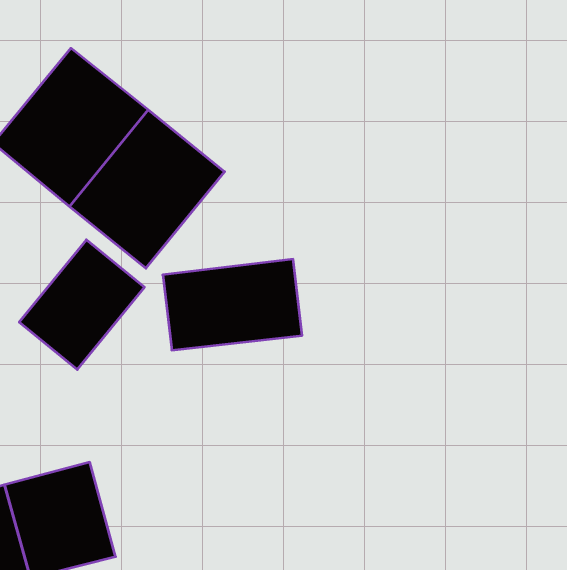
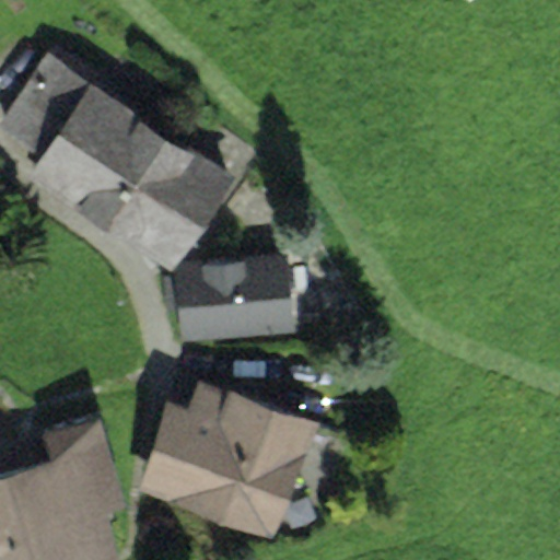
building: [19,240,144,370] -> none
building: none -> [152,381,326,539]

